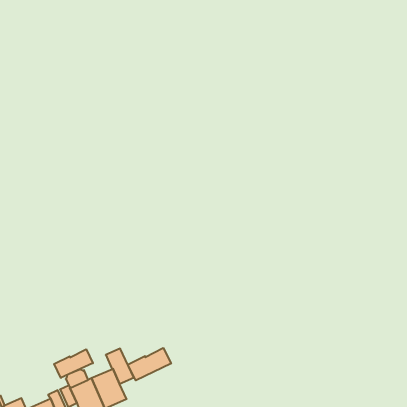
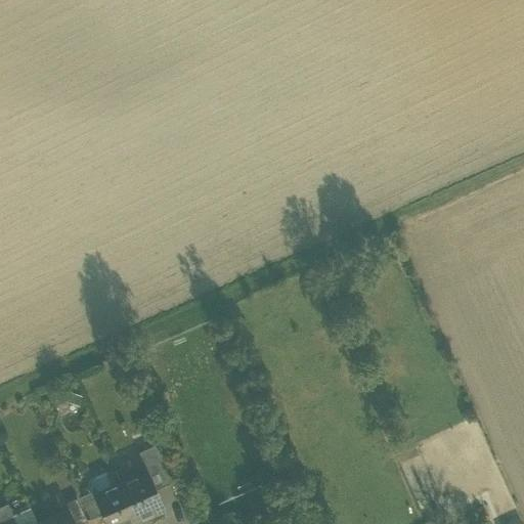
building: [128,348,171,380] -> none
building: [54,349,93,378] -> none

